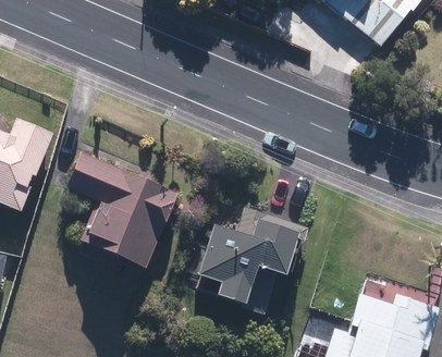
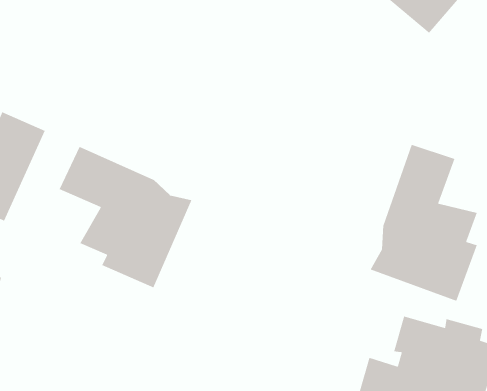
building: none -> [370,144,478,302]
building: [194,201,304,308] -> none

